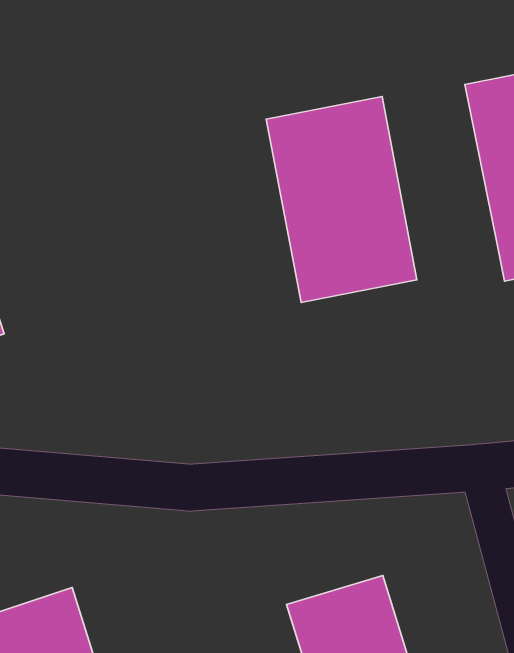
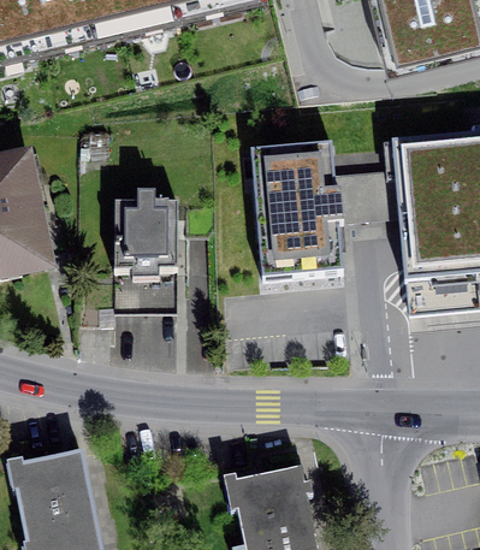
building: none -> [113,201,176,309]

